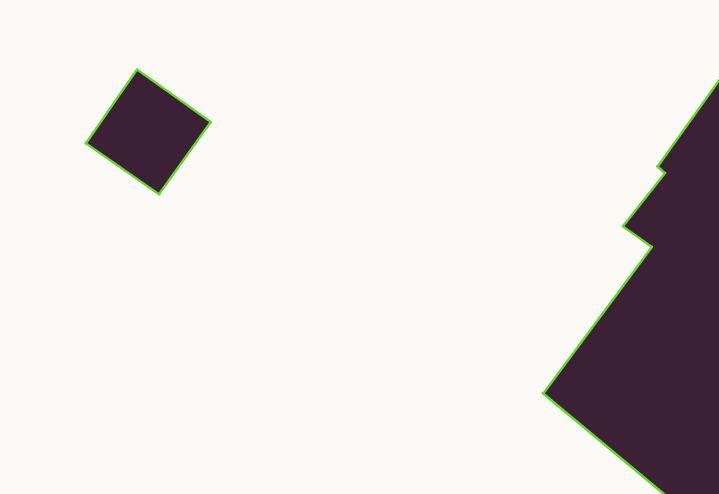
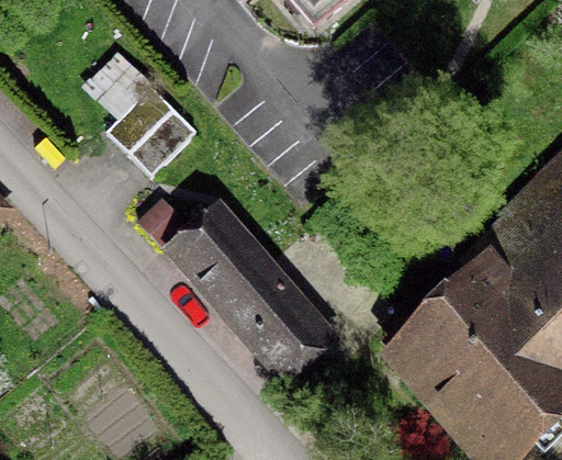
building: none -> [169,210,329,381]

